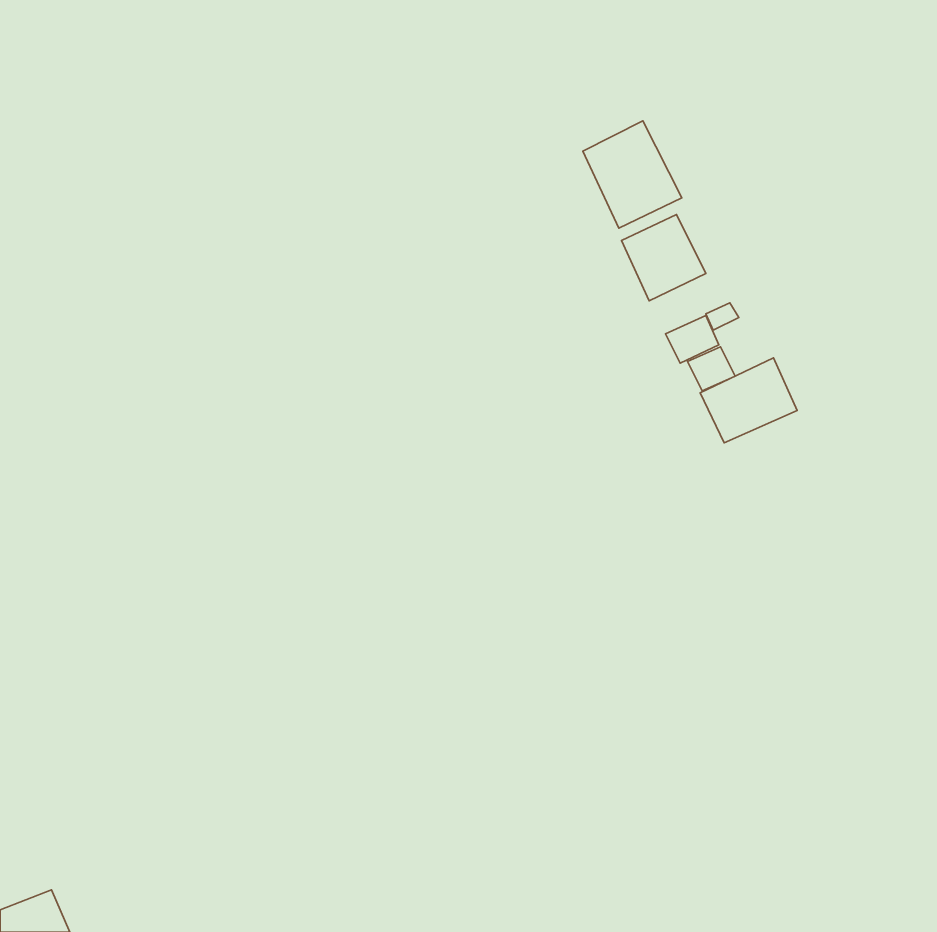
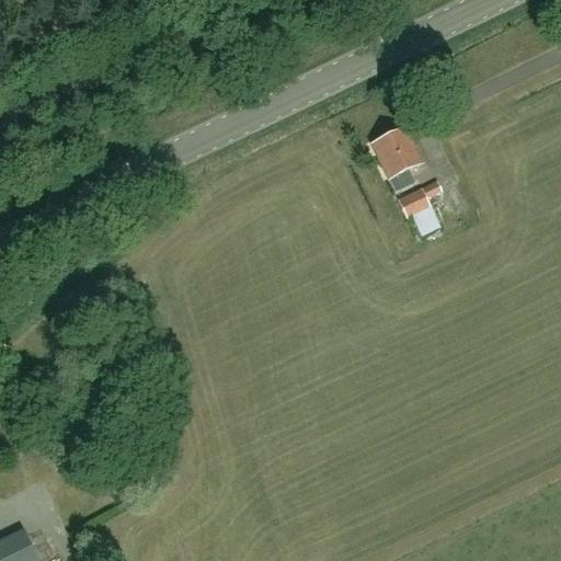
building: [583,121,682,228] -> none
building: [700,358,797,443] -> none

